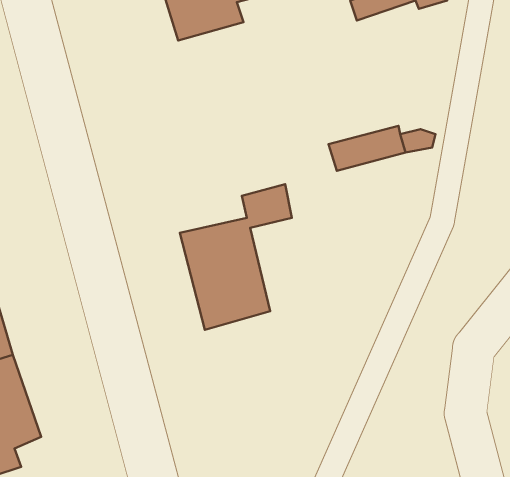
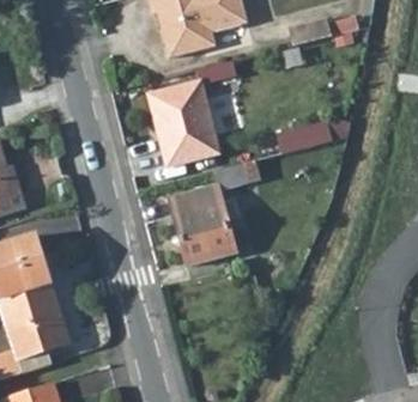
building: none -> [153,59,238,162]

